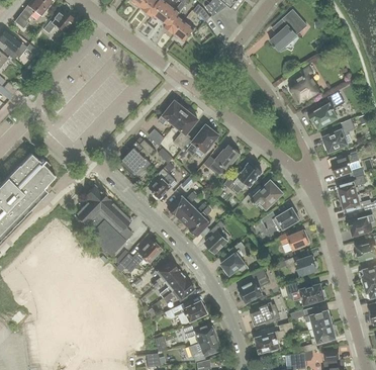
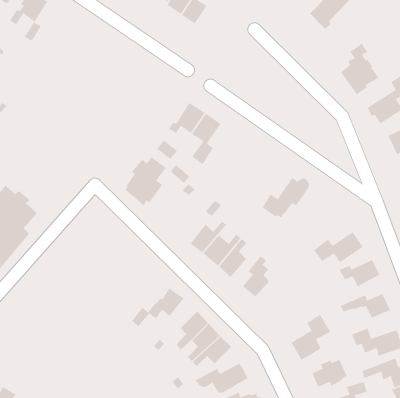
building: [186,125,217,157] -> none
building: [203,146,240,174] -> none
building: [149,169,176,200] -> none
building: [241,181,281,210] -> none
building: [74,186,131,257] -> none
building: [220,242,248,276] -> none

